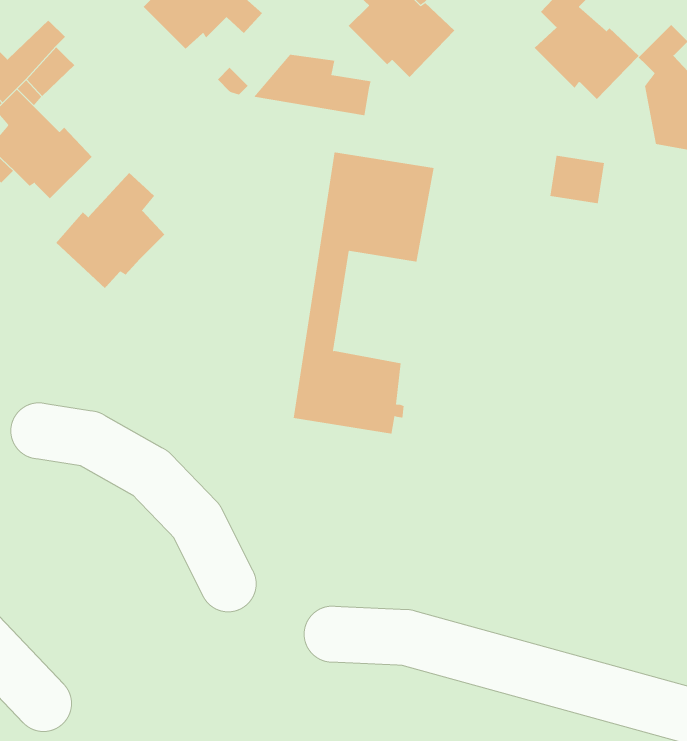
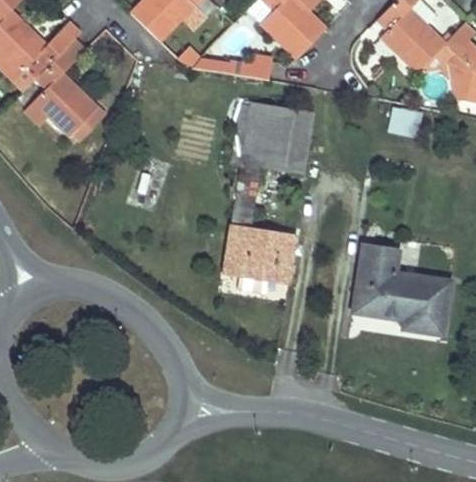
building: [56,172,165,289] -> none
building: none -> [353,246,450,334]

